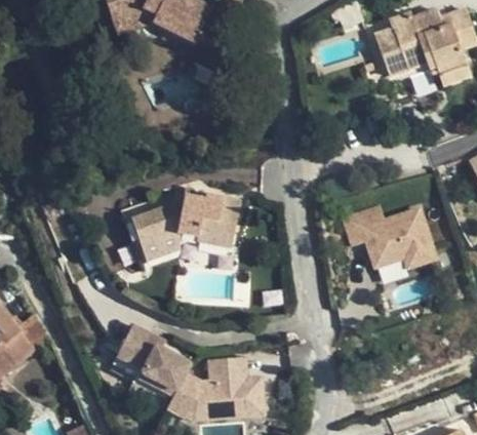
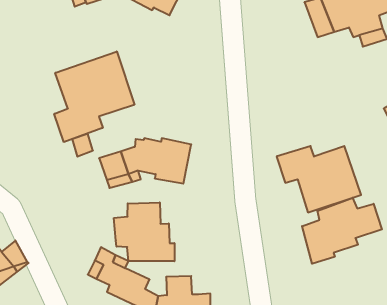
building: none -> [54,51,134,142]
building: none -> [302,198,382,264]
building: none -> [114,202,174,261]

